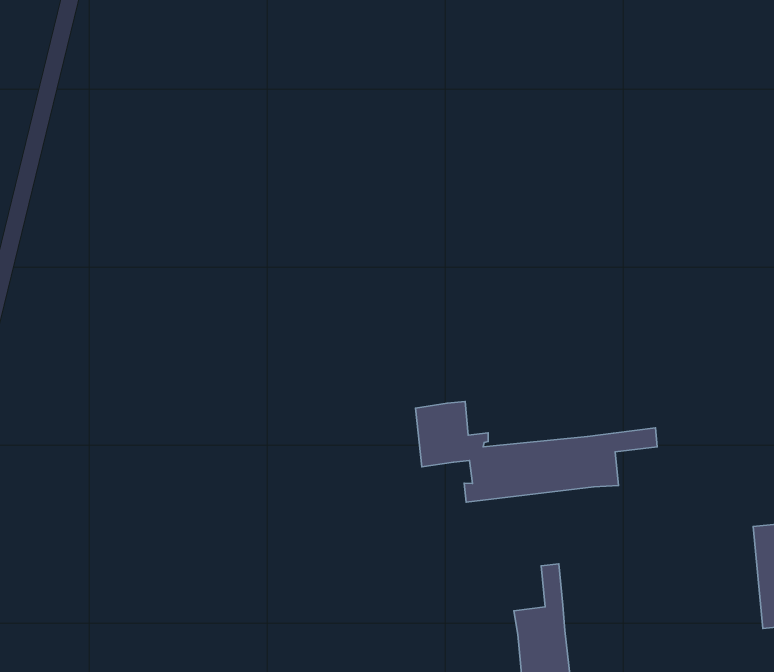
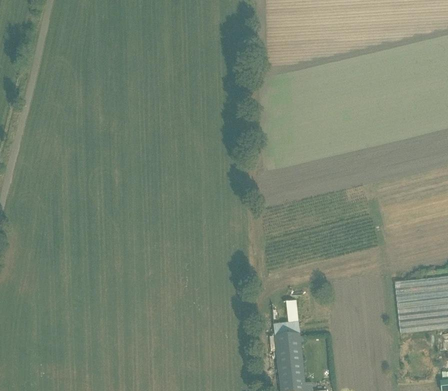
building: [415,401,657,502] -> none

